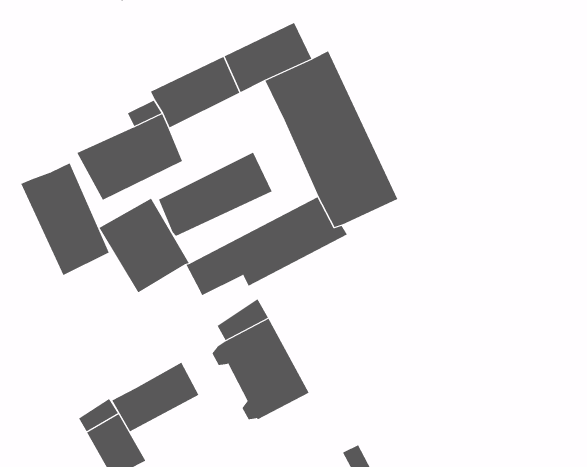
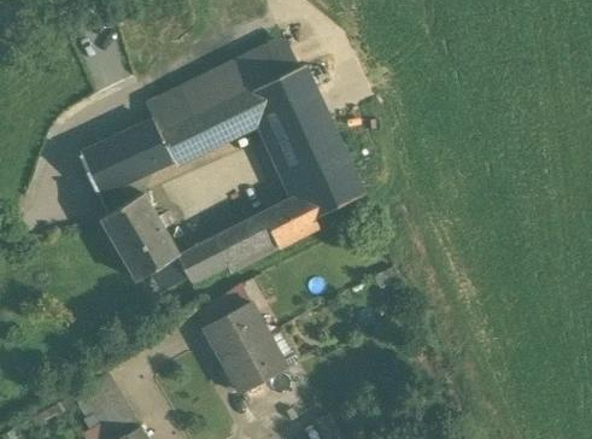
building: [158,152,272,236] -> [162,92,263,166]
building: [21,163,110,276] -> none
building: none -> [148,254,188,294]
building: [111,362,199,432] -> none

